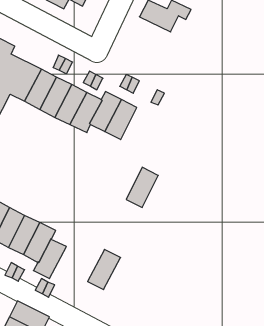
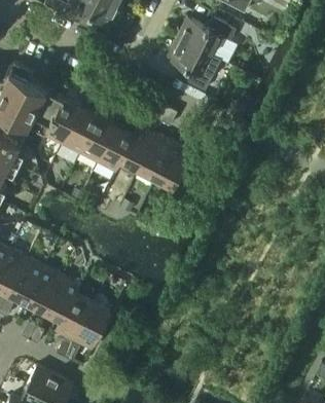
building: none -> [168,39,221,91]
building: [126,167,158,207] -> [156,144,193,190]
building: [88,249,121,290] -> [74,304,112,351]

